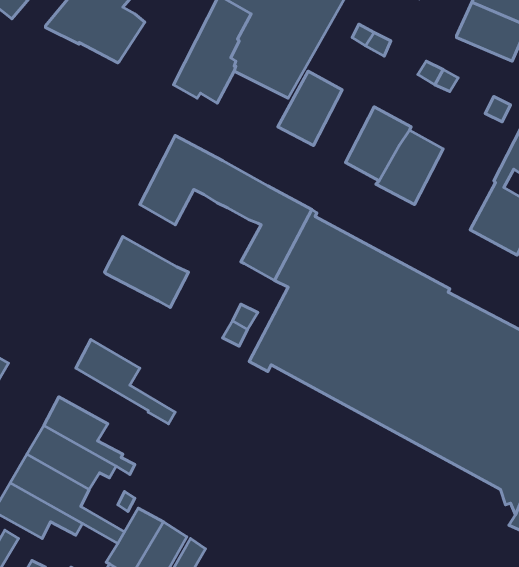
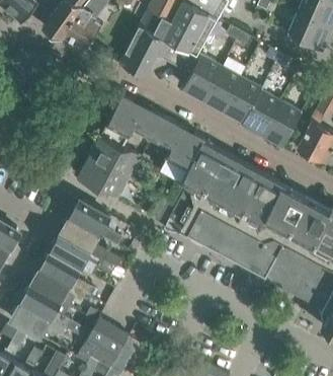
building: none -> [202,59,244,110]
building: none -> [263,102,301,146]
building: none -> [88,136,138,176]
building: none -> [69,201,120,244]
building: none -> [50,234,103,268]

